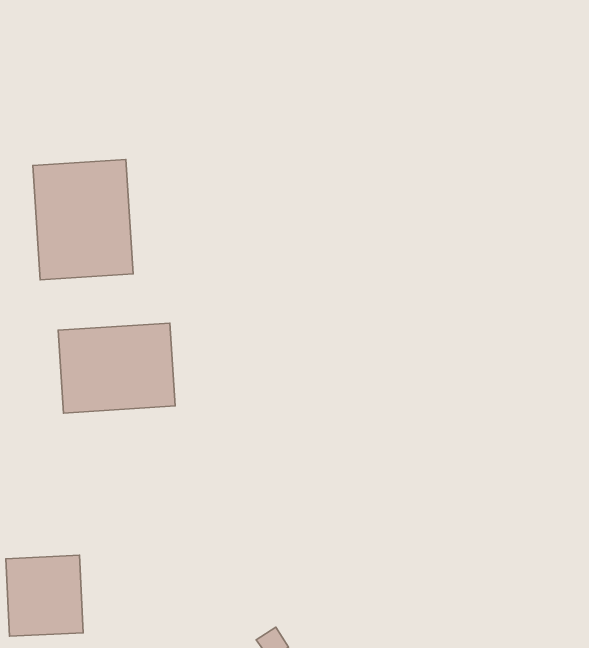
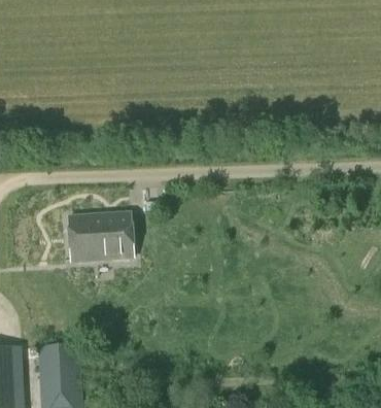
building: [33,160,133,280] -> none

